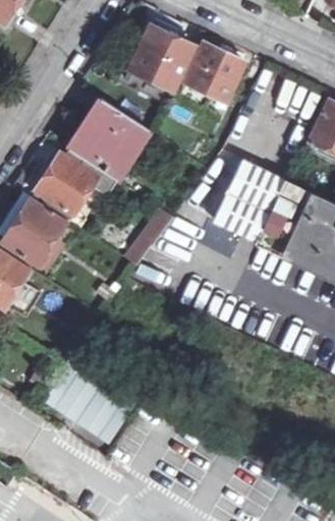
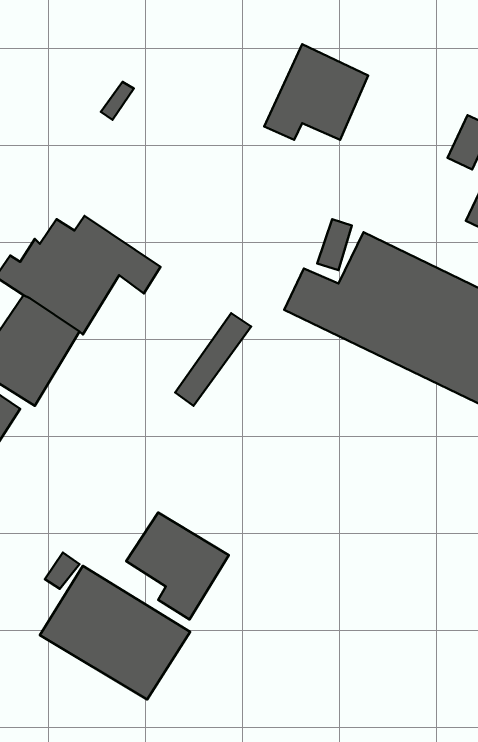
building: [129,25,194,92] -> none
building: [69,100,149,180] -> none
building: none -> [126,513,229,619]

